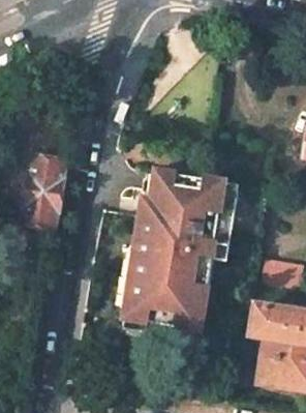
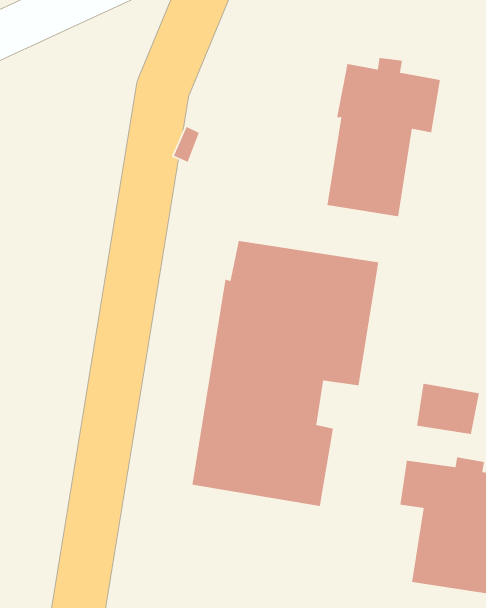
building: none -> [327,57,441,217]
building: [20,155,65,230] -> none

